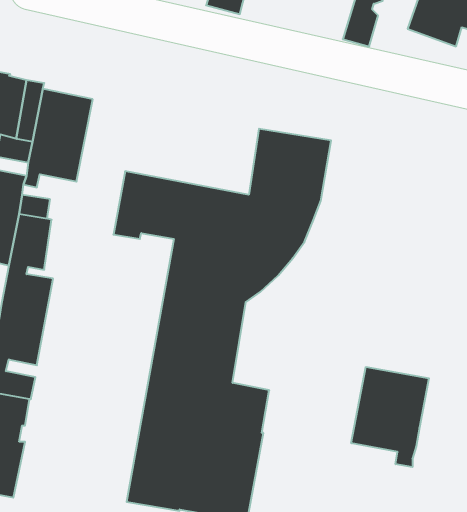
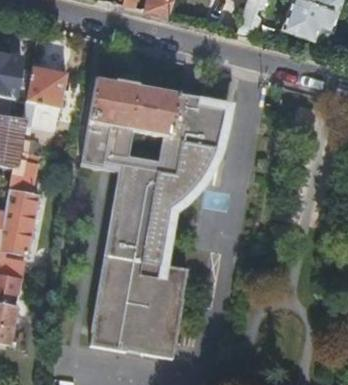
building: none -> [88,78,179,138]
building: [351,367,429,467] -> none

